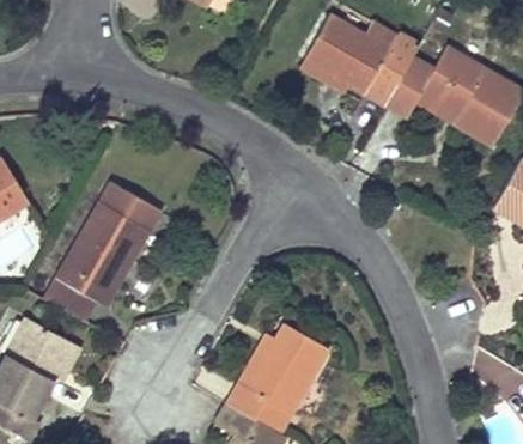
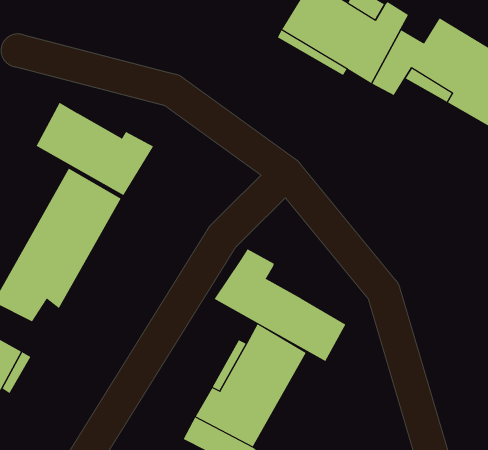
building: none -> [36,102,154,196]
building: none -> [214,249,346,362]

